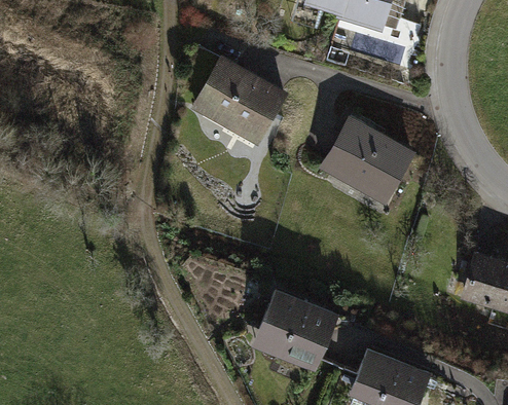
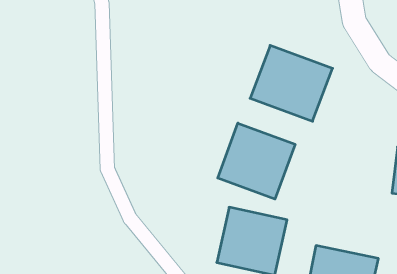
building: [190,54,288,147] -> none
building: none -> [218,123,295,199]

